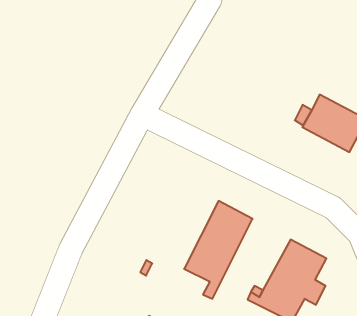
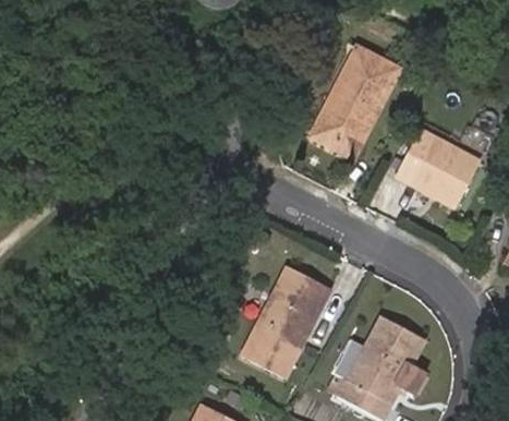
building: none -> [313,37,401,151]

